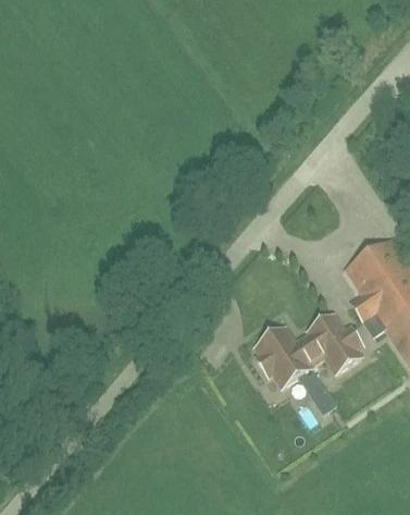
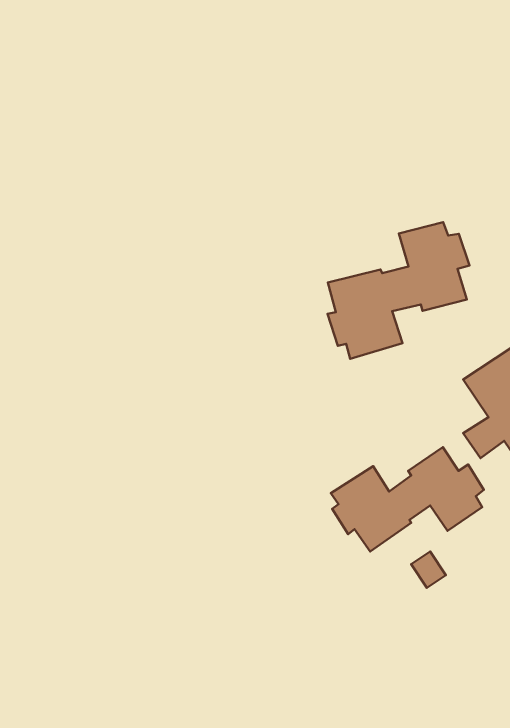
building: none -> [327,222,469,359]

